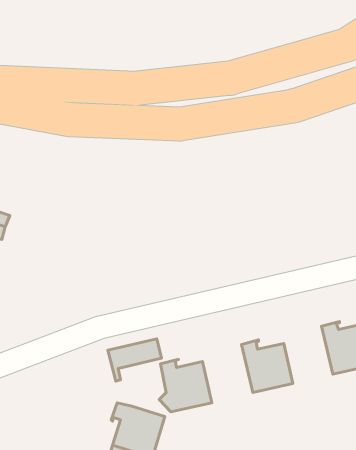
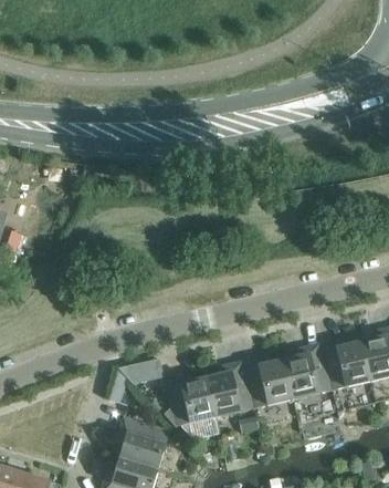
building: none -> [284,343,332,398]
building: none -> [206,361,254,417]

